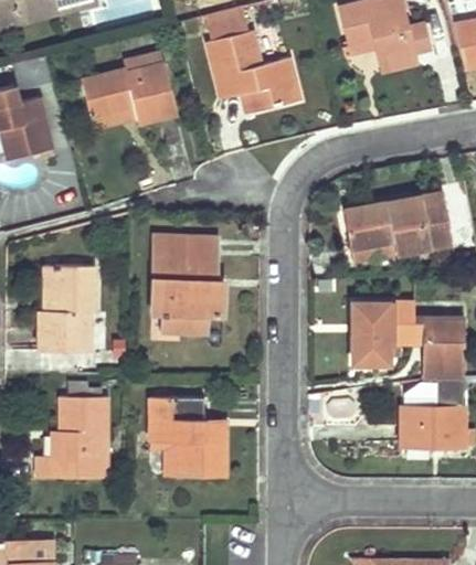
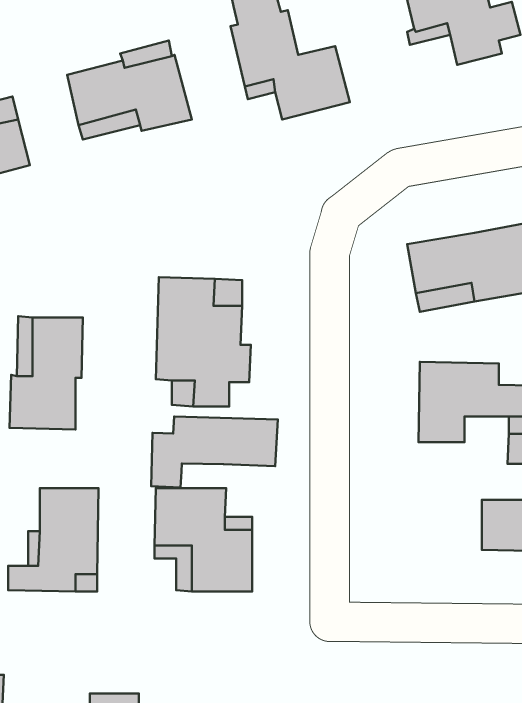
building: none -> [151,417,278,487]

